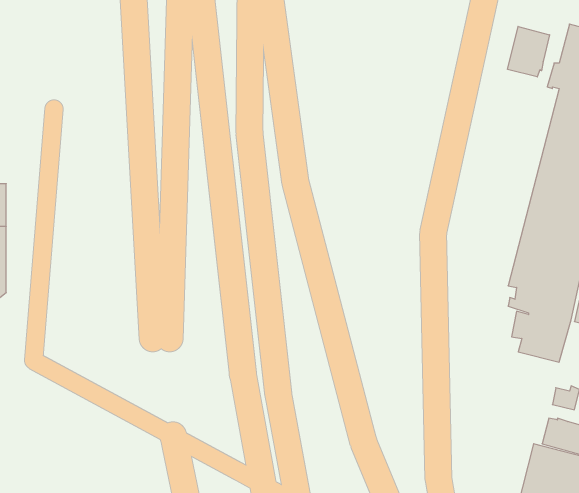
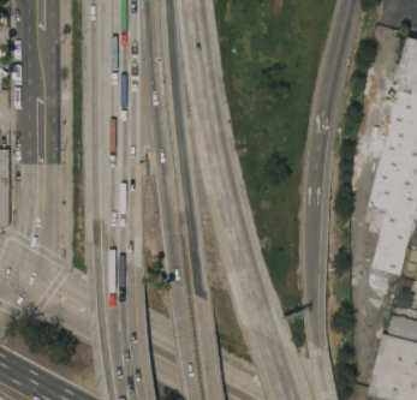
building: [508,26,550,77] -> none

